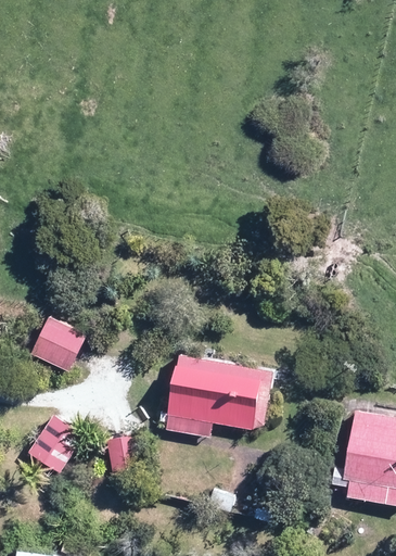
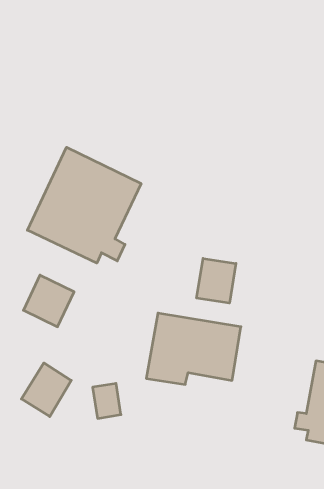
building: none -> [27,147,141,263]
building: none -> [197,258,236,303]

